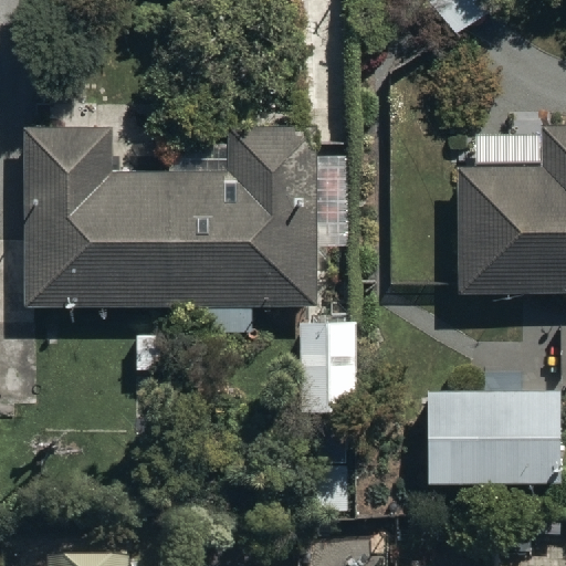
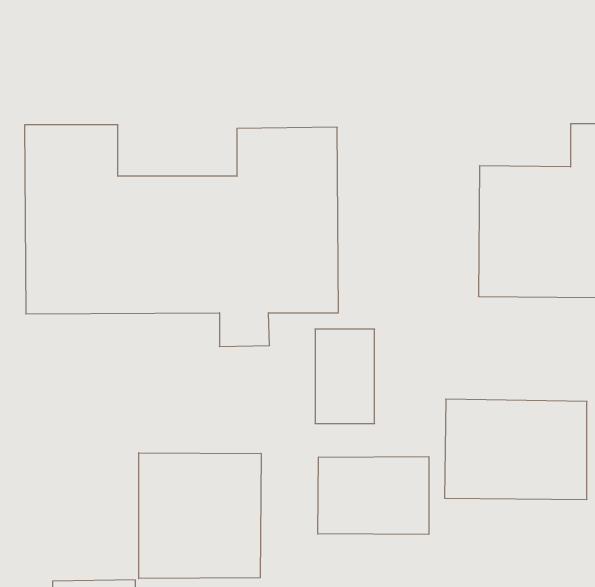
building: none -> [139,453,261,579]
building: none -> [318,457,429,534]

